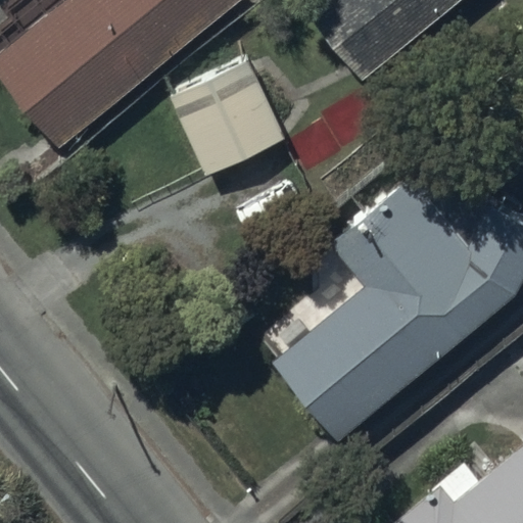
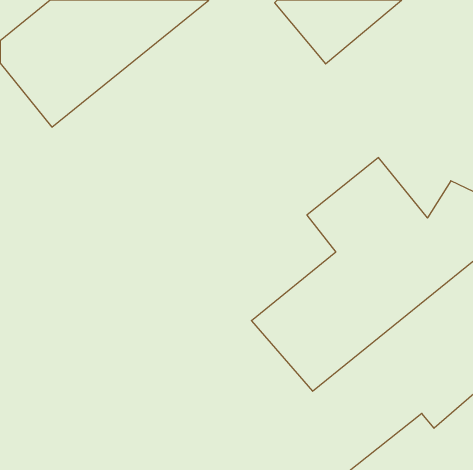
building: [171,65,288,182] -> none

